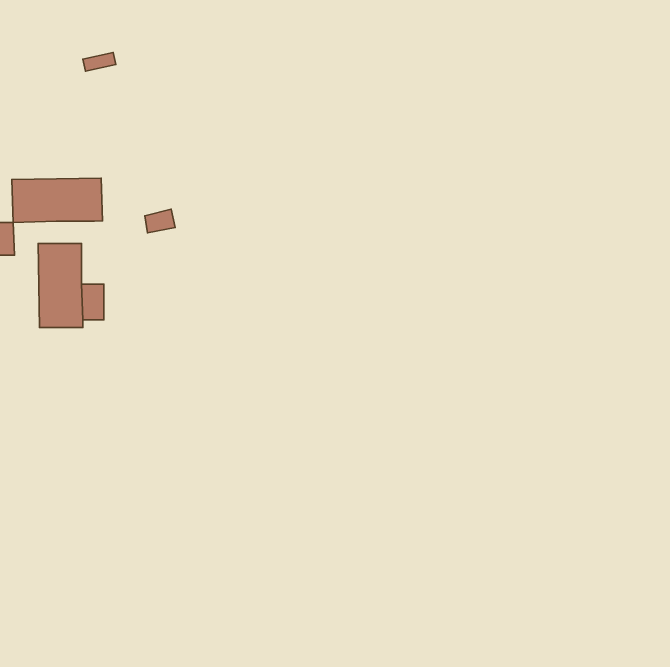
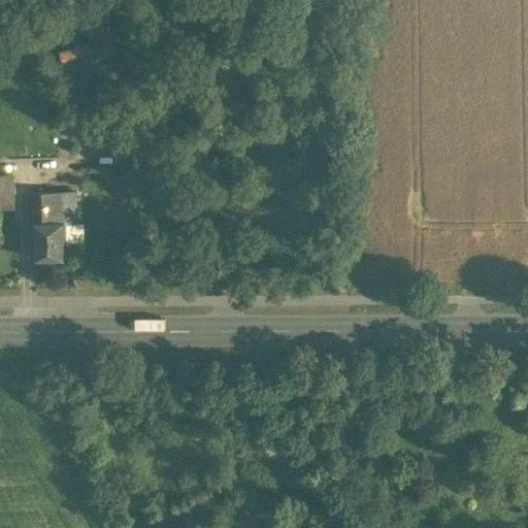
building: [12,178,103,222] -> none

